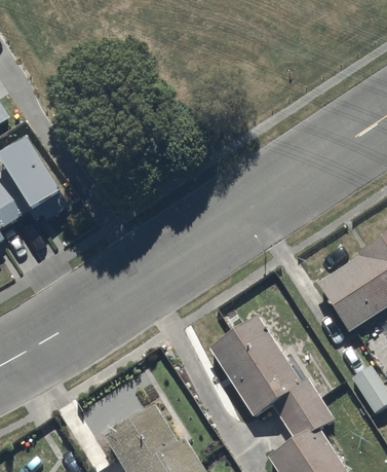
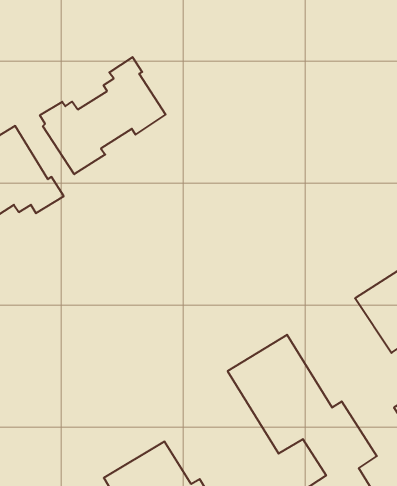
building: none -> [40,57,166,174]

